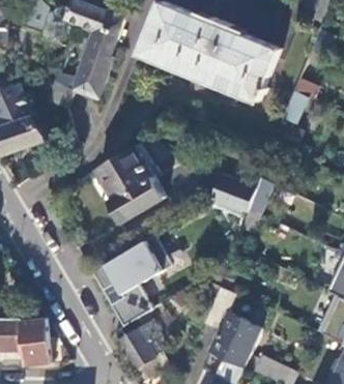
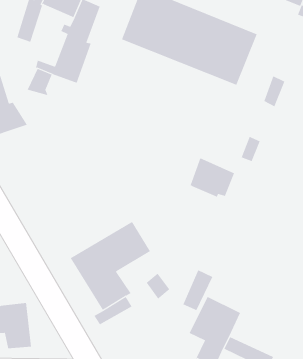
building: [95,143,164,223] -> none
building: [118,323,160,370] -> none

